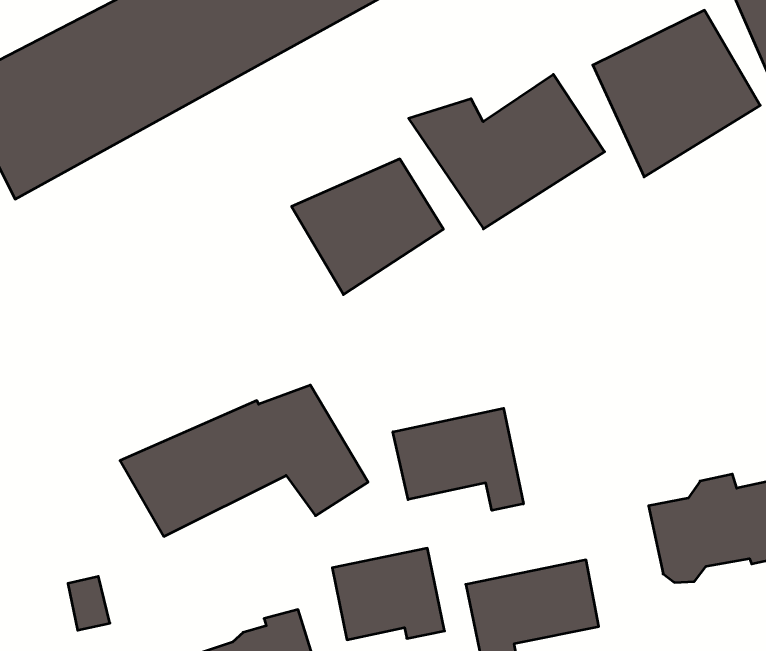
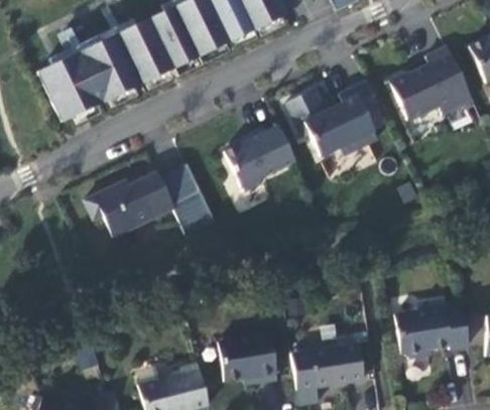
building: [120,385,368,536] -> [79,160,216,240]
building: [393,408,523,510] -> none

